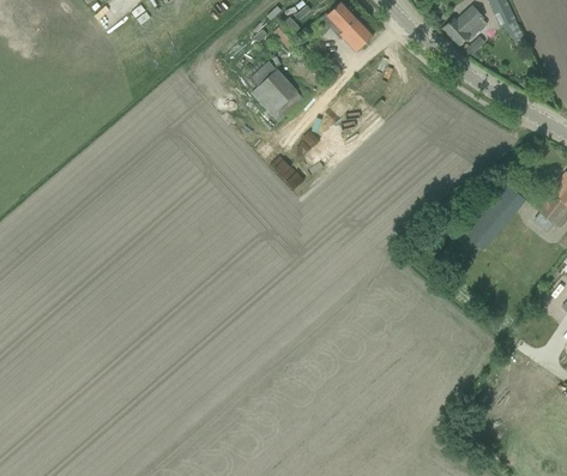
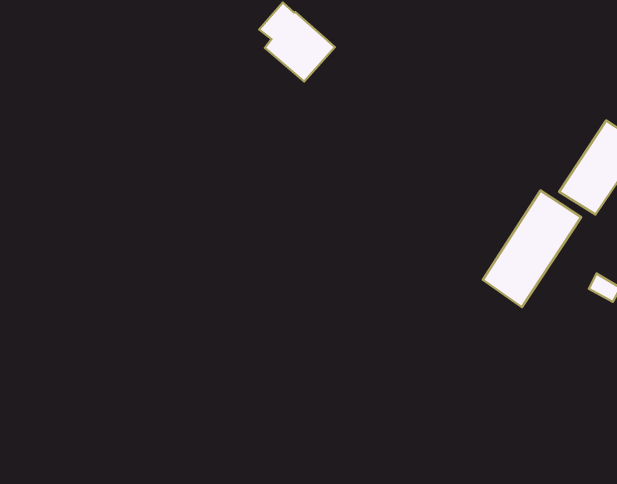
building: none -> [483,190,581,307]

